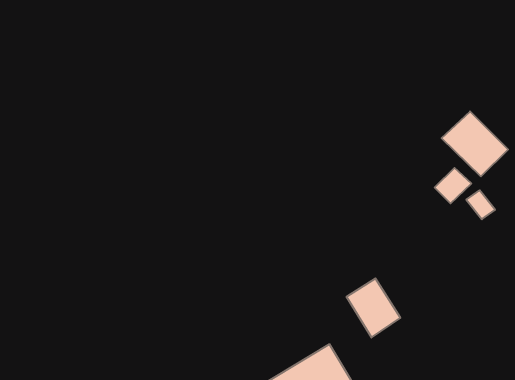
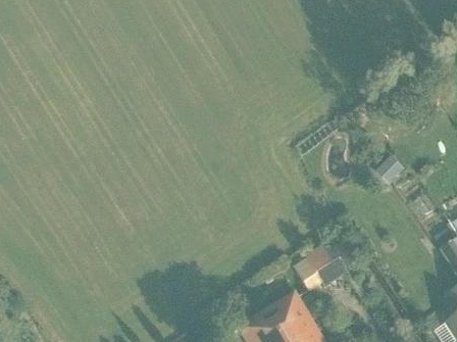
building: [442,111,508,176] -> none

